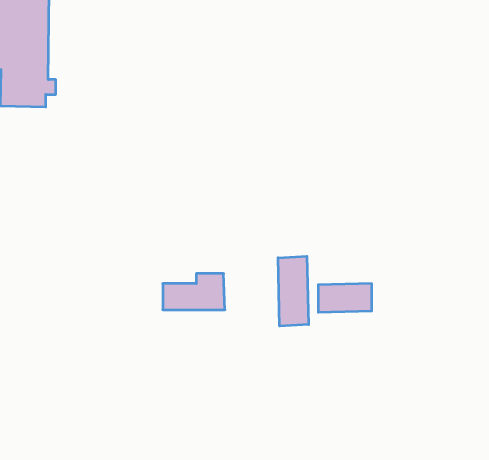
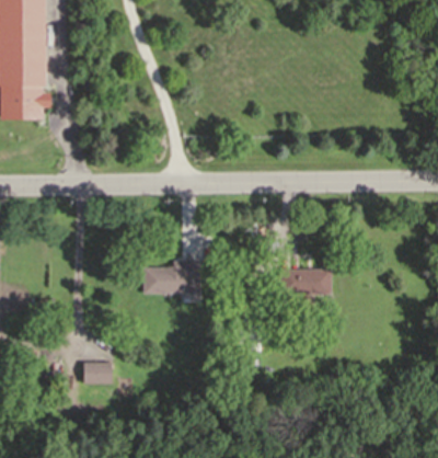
building: [278,256,309,326] -> none
building: none -> [84,363,113,386]

